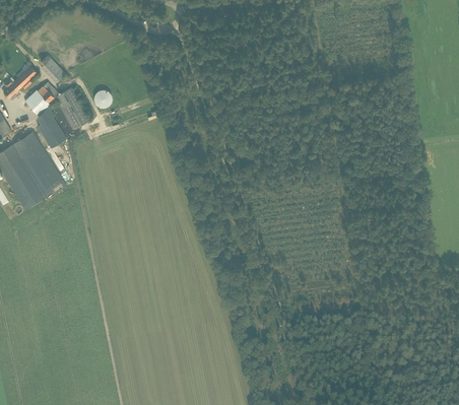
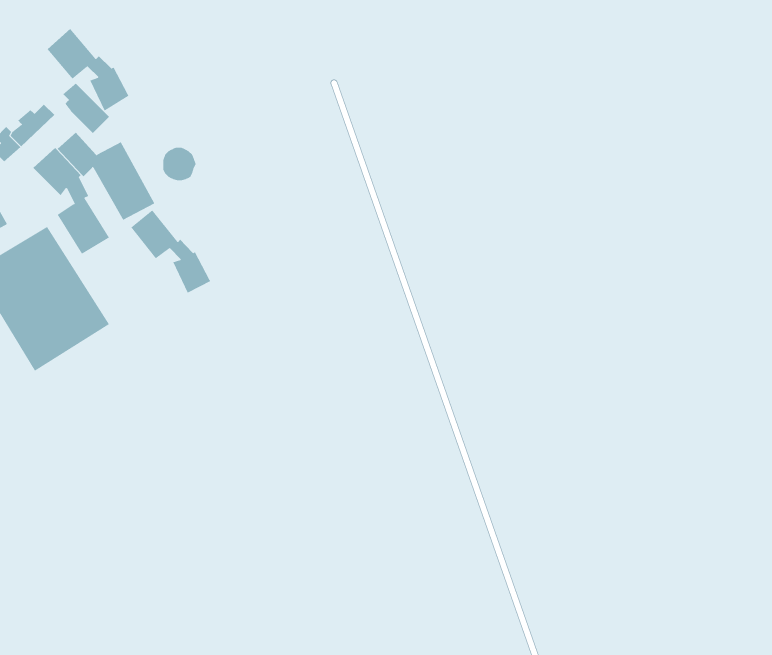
building: none -> [47,28,129,111]
building: none -> [130,209,211,293]

